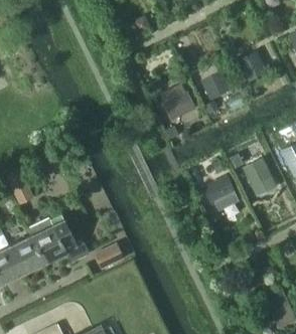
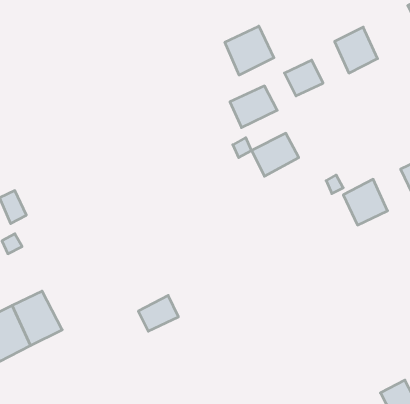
building: none -> [225,26,274,75]
building: [202,175,236,205] -> [251,133,299,176]
building: [27,214,90,263] -> none

